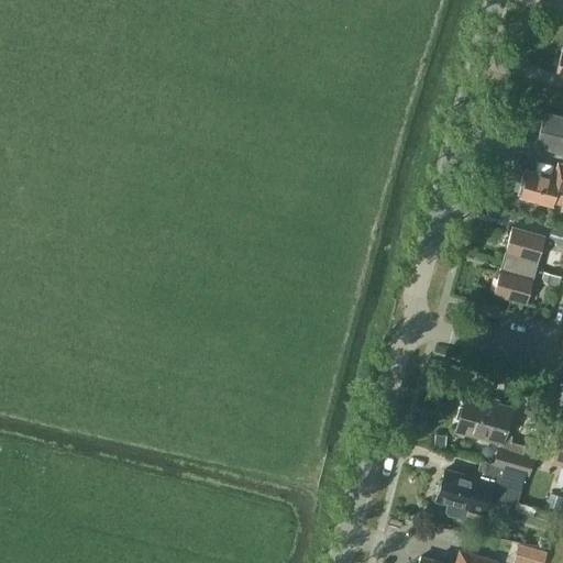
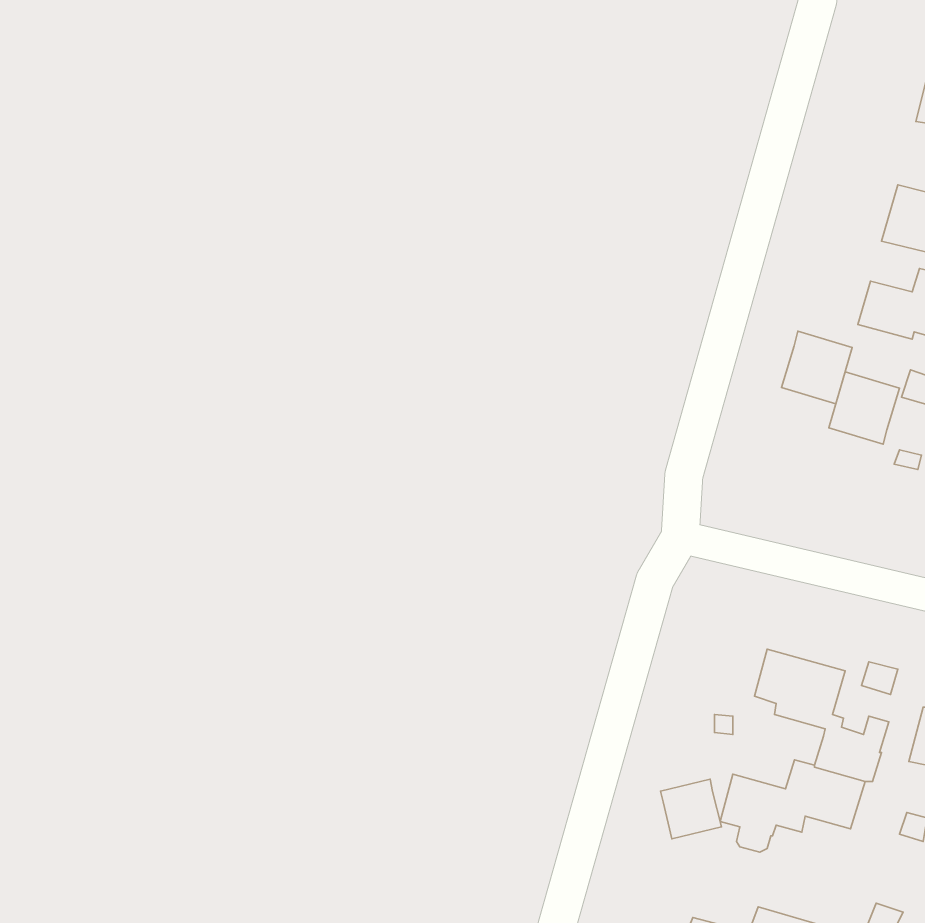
building: [494,262,537,306] -> [781,331,852,404]
building: none -> [661,779,721,839]

